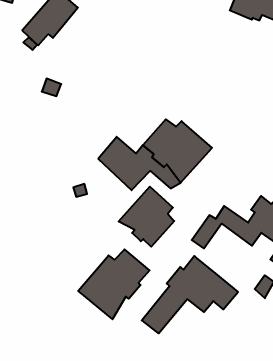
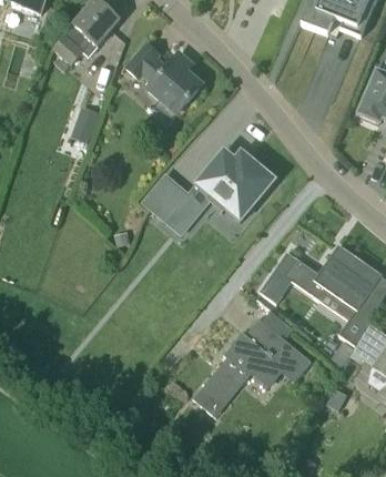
building: none -> [125,43,201,113]
building: [119,187,174,247] -> none
building: [78,249,150,319] -> none

